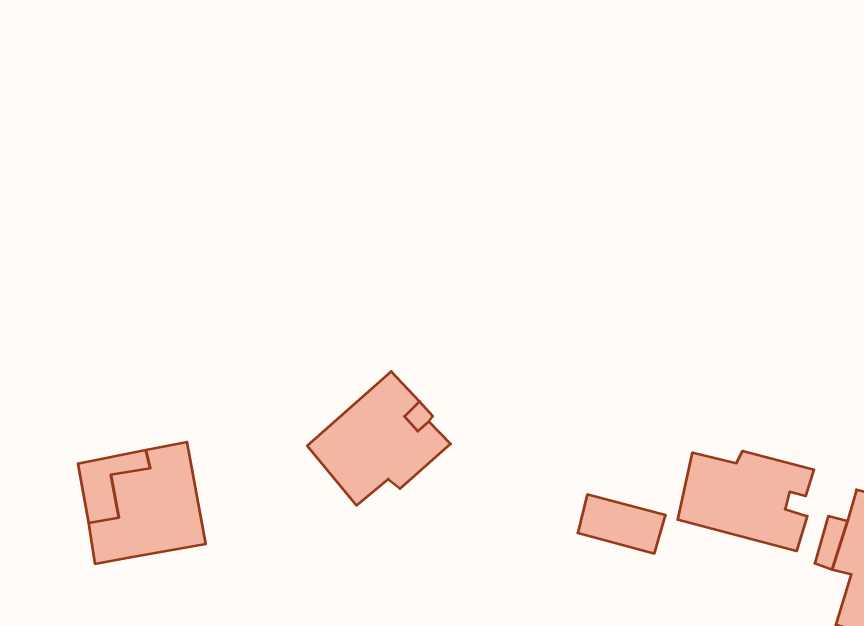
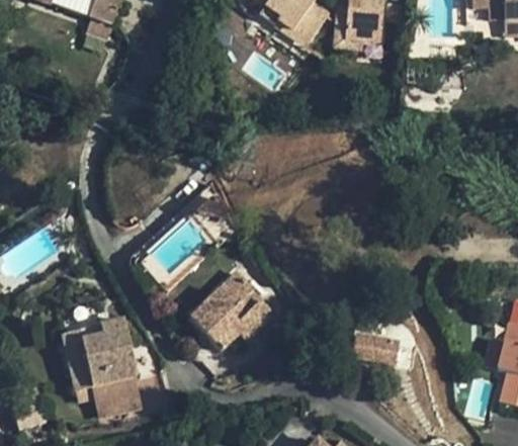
building: [678,451,814,551] -> none
building: none -> [95,376,144,414]

